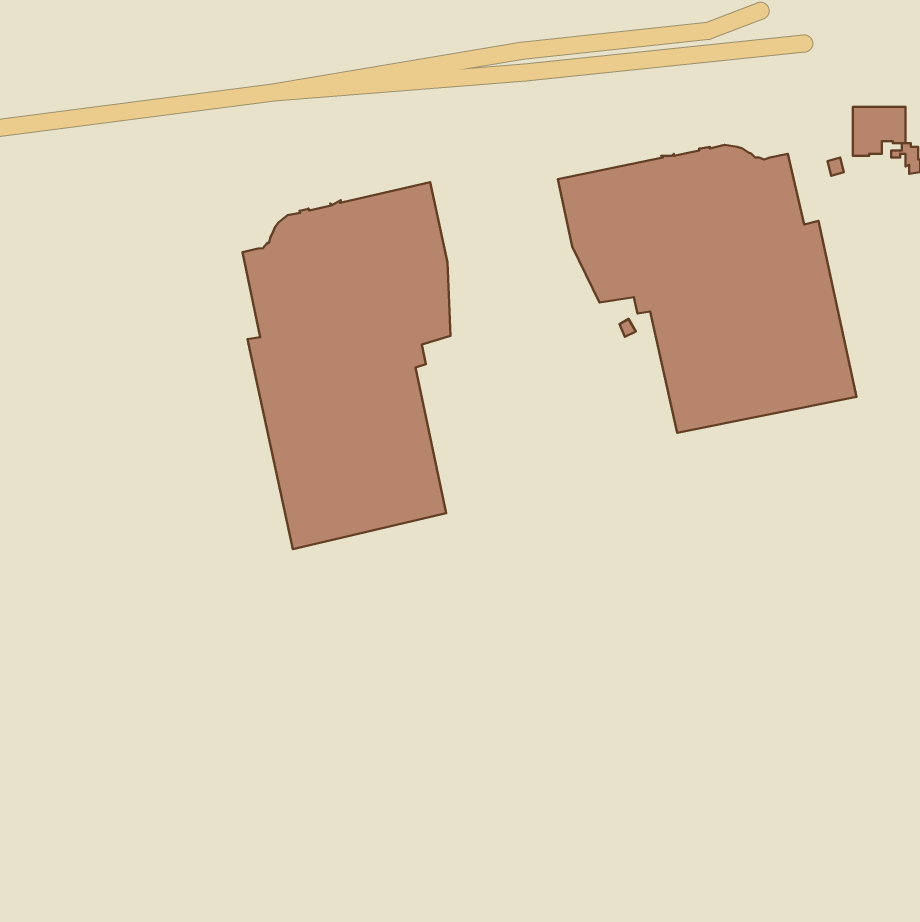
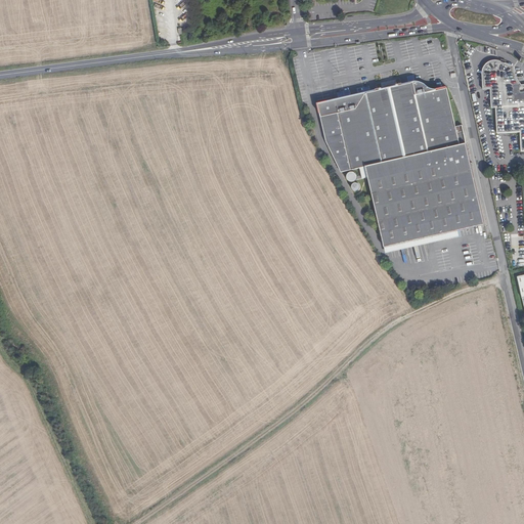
building: [243,182,451,549] -> none

